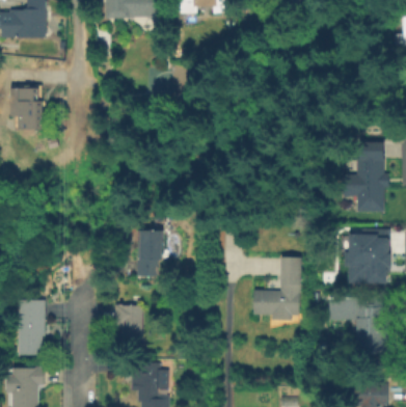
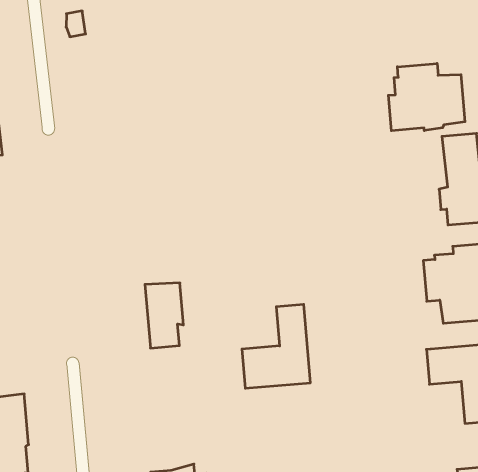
building: none -> [388,63,465,131]
building: [256,261,303,317] -> [242,304,310,388]
building: [115,306,143,340] -> none

